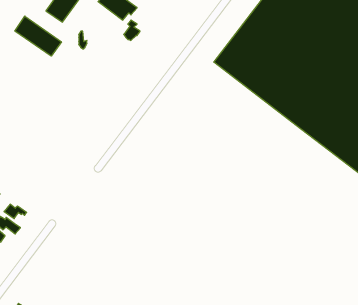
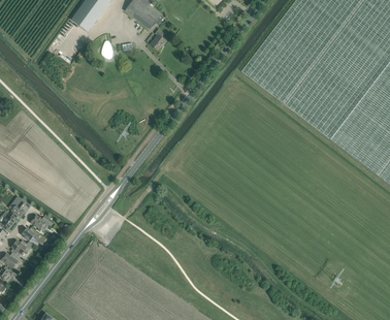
building: [15,16,61,56] -> none

